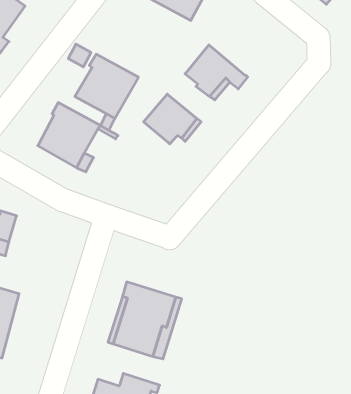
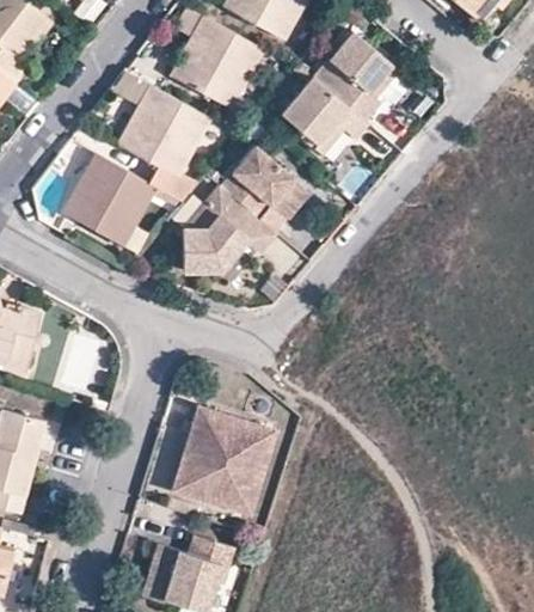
building: none -> [178,16,265,109]
building: none -> [312,29,394,117]
building: none -> [184,183,277,269]

